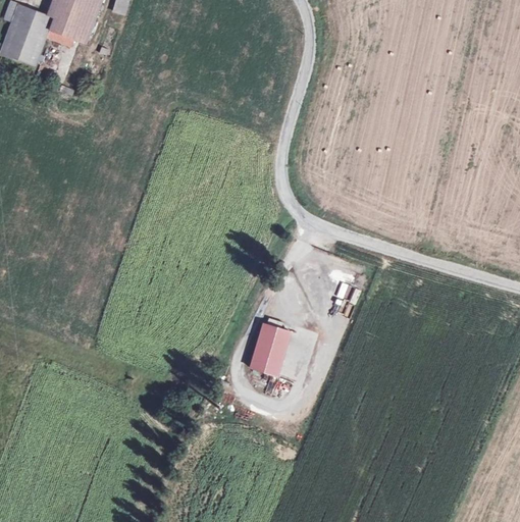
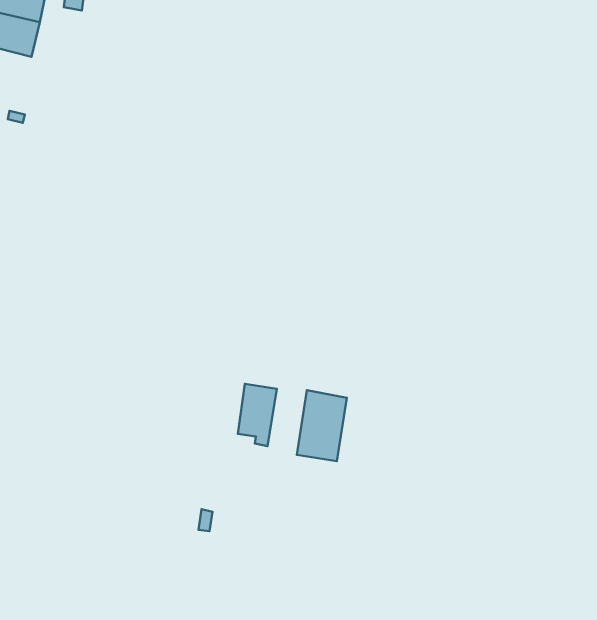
building: none -> [238,384,277,446]

